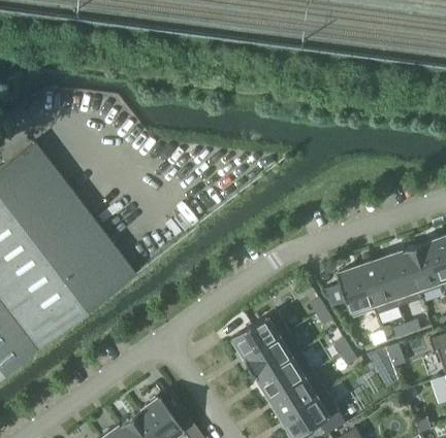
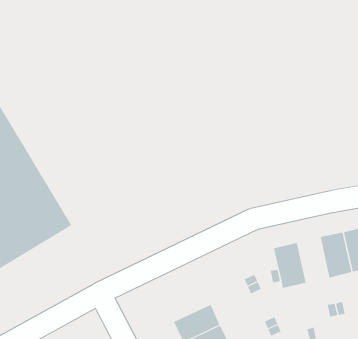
building: [360,260,395,307] -> none
building: [232,317,281,361] -> none

